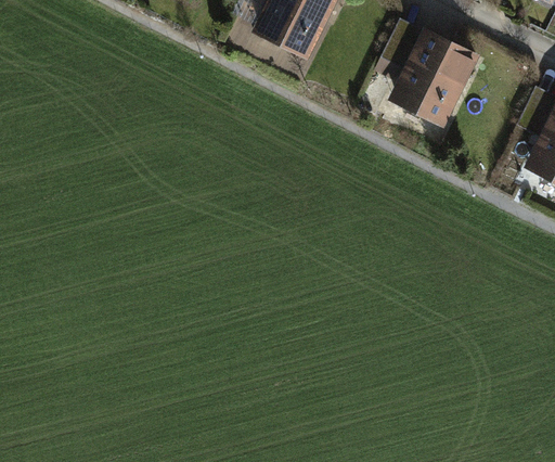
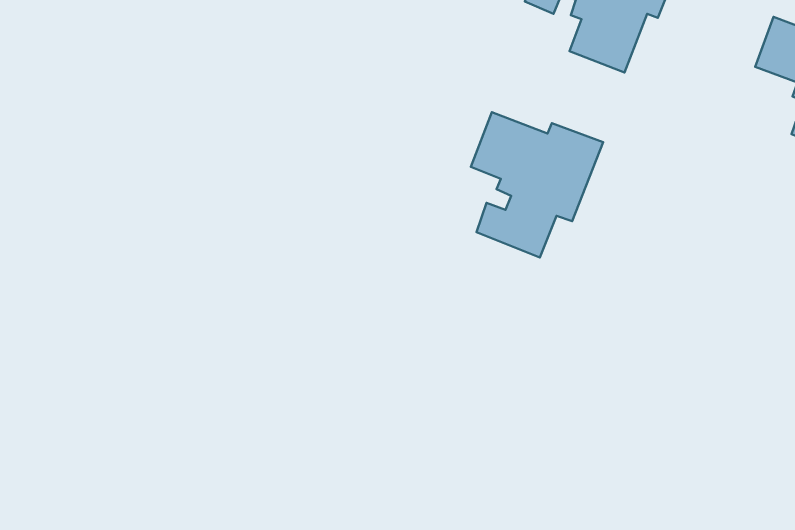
building: none -> [471,112,603,258]

